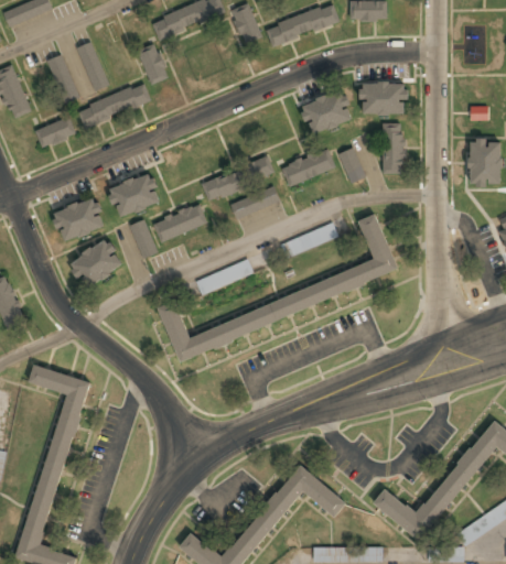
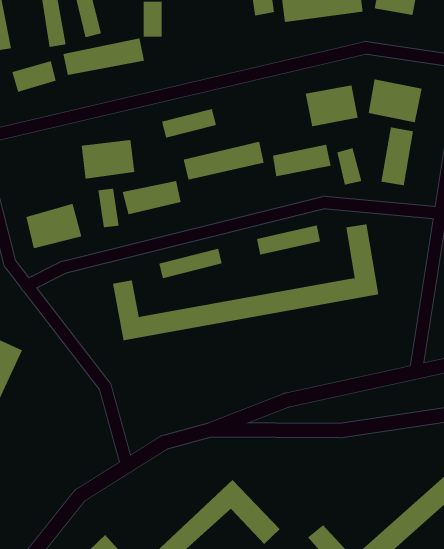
building: [229,185,280,219] -> [161,108,217,138]
building: [53,199,104,241] -> none

